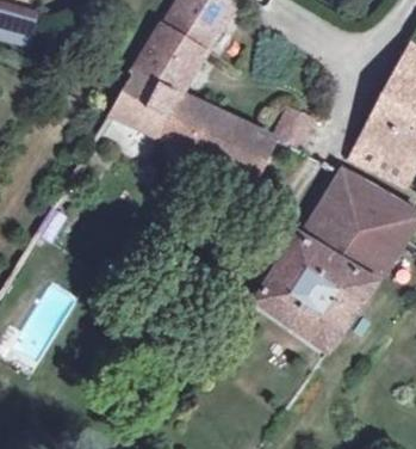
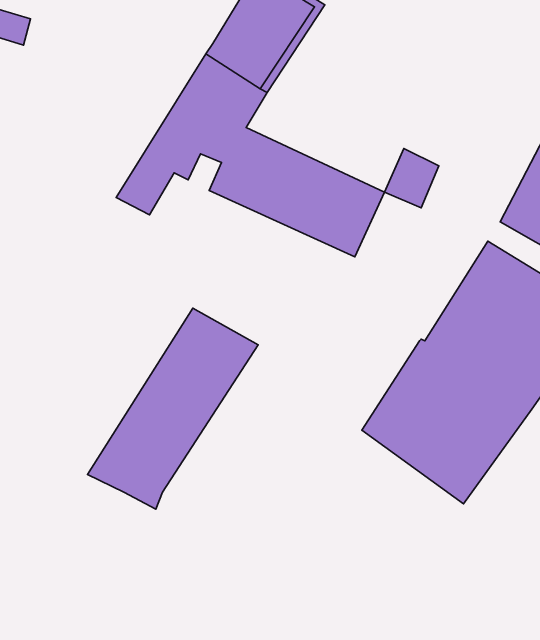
building: none -> [88,308,258,509]

